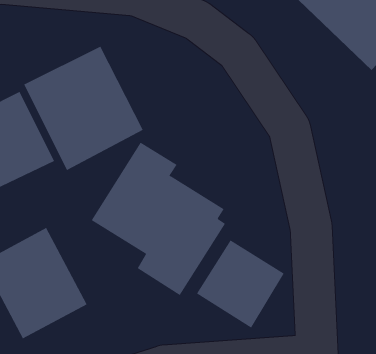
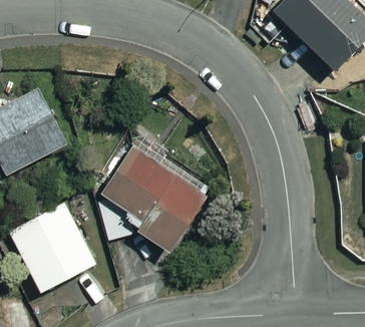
building: [23,46,143,171] -> none
building: [196,239,284,328] -> none

